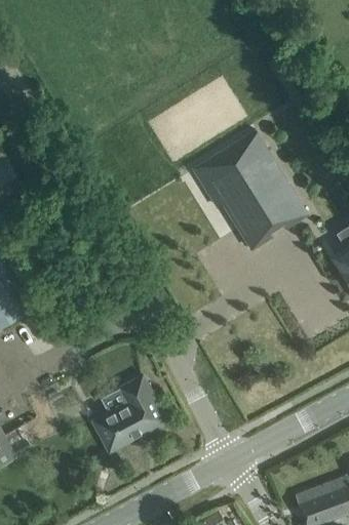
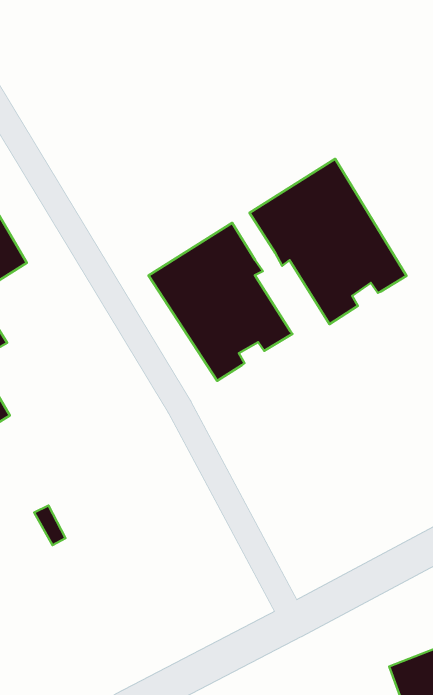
building: none -> [148,223,292,381]
building: [92,375,167,452] -> none

